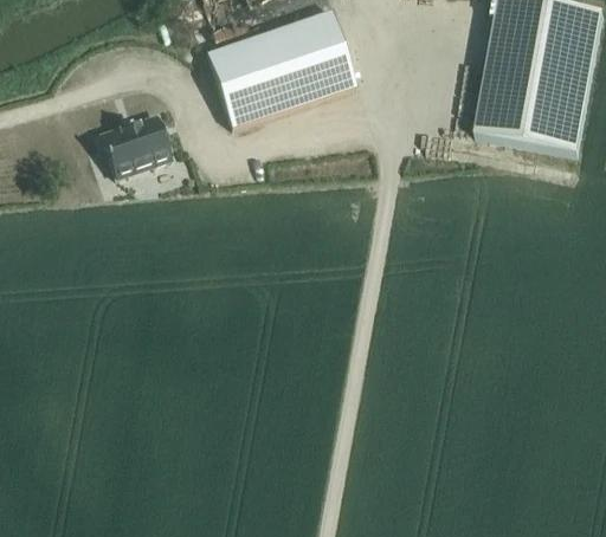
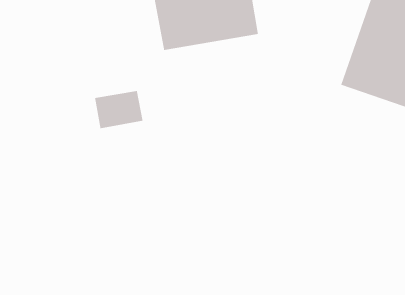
building: [99,115,170,175] -> [94,90,143,129]

